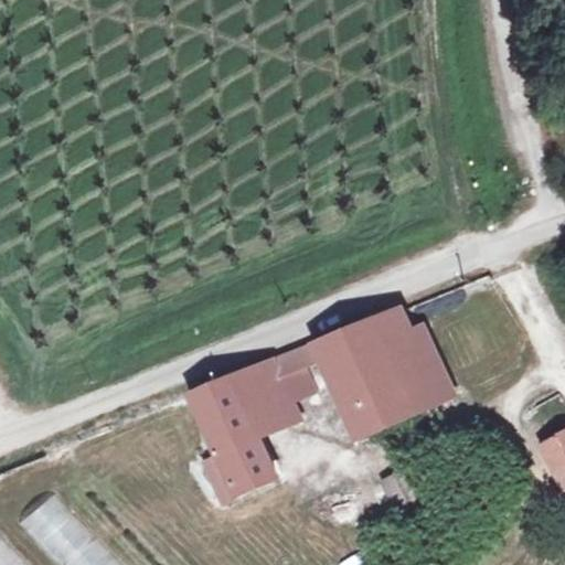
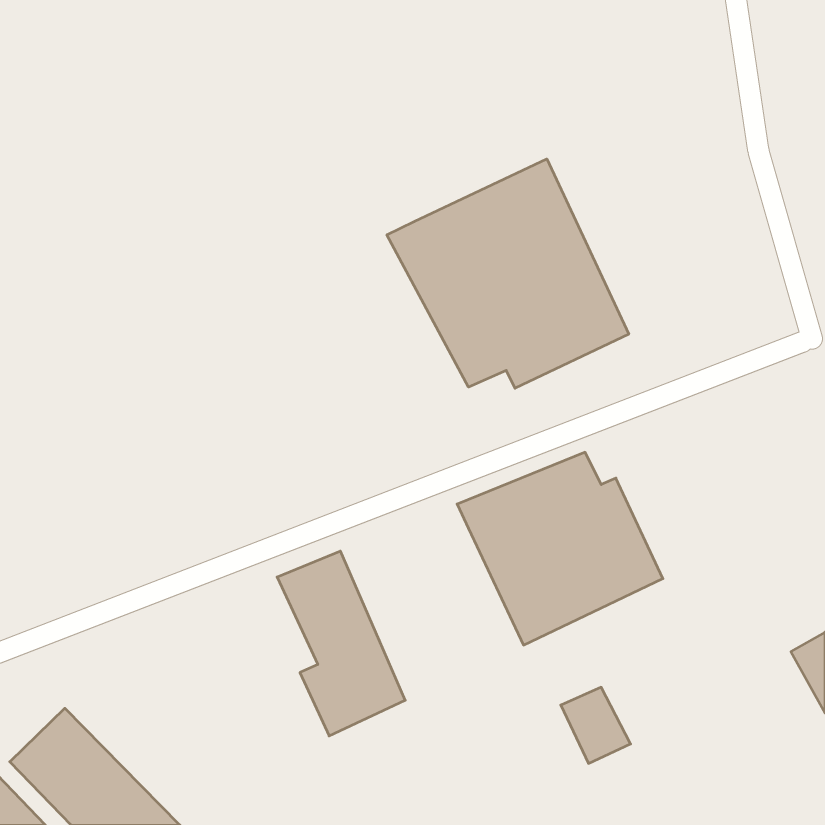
building: none -> [387,159,629,388]
building: [232,343,319,436] -> none

